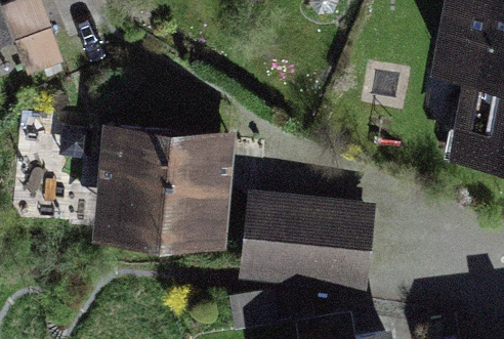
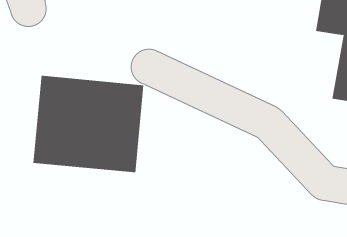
building: [241,194,379,287] -> none

